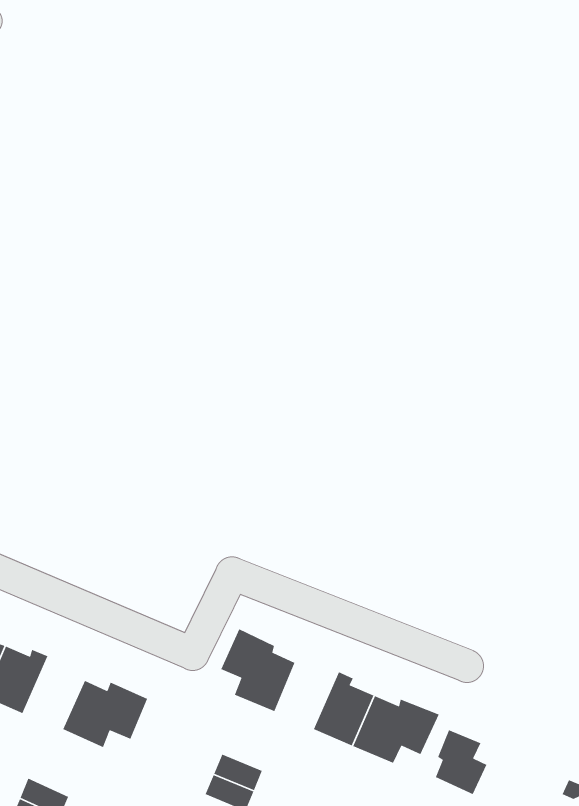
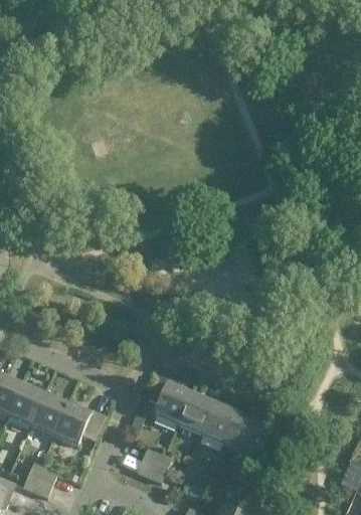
building: none -> [29,391,65,435]
building: none -> [177,395,214,435]
building: [435,729,487,795] -> none

